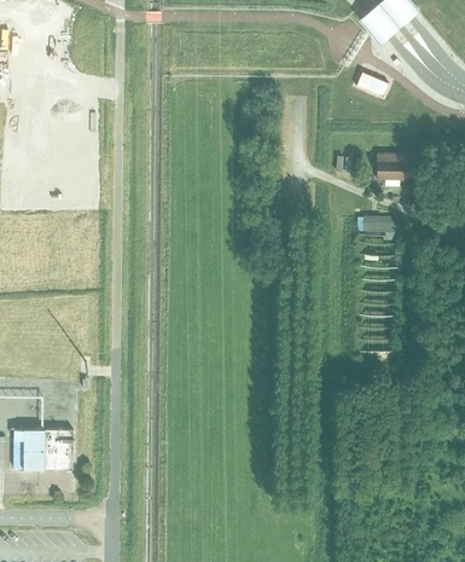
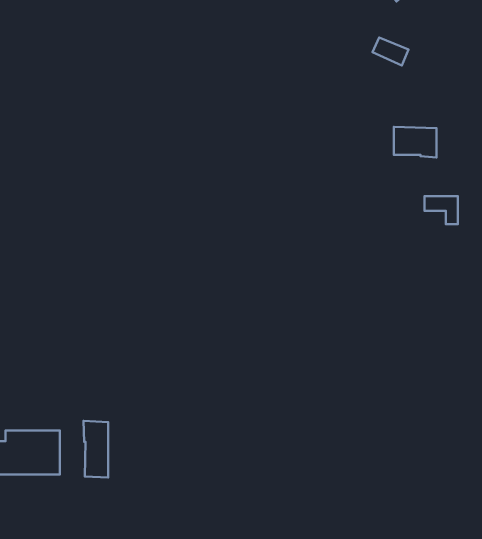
building: [362,219,393,244] -> [424,196,458,224]
building: none -> [84,421,108,478]

